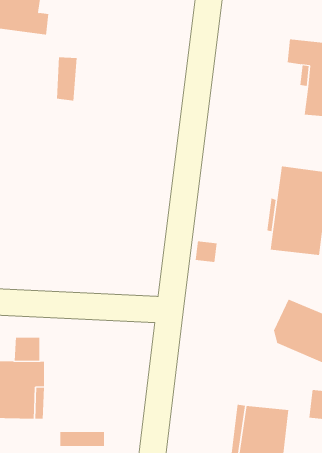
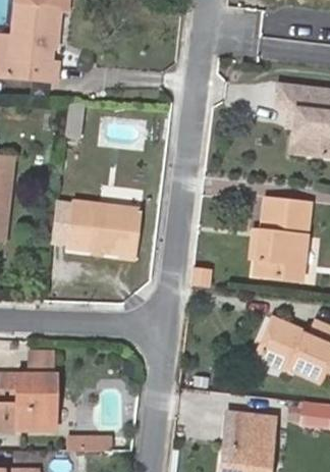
building: none -> [66,201,142,254]

